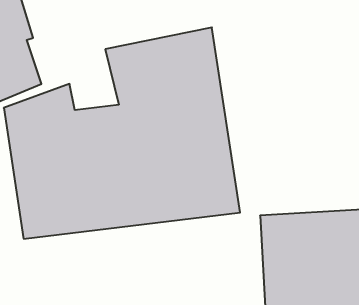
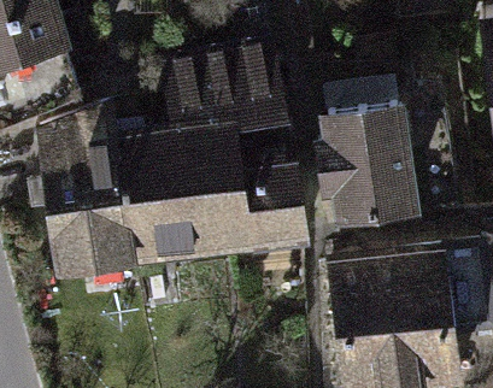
building: none -> [319,88,415,212]

